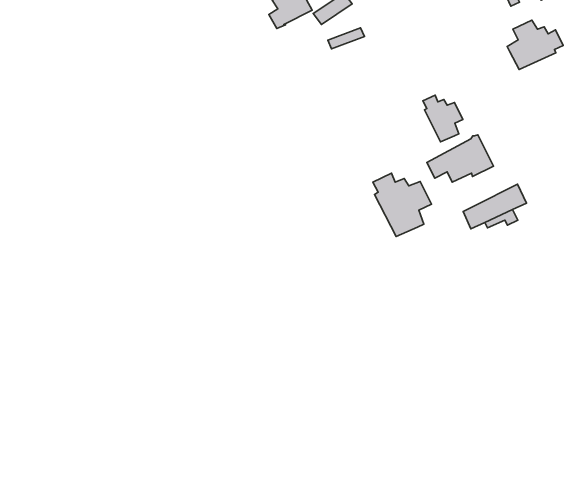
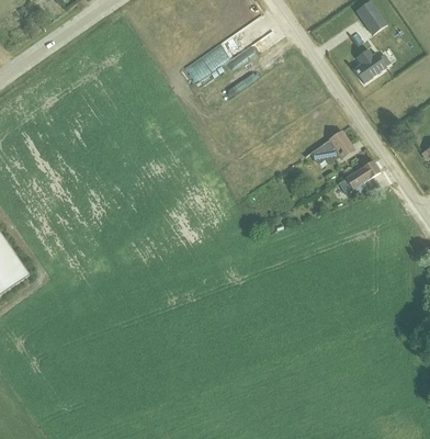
building: [423,95,463,142] -> none
building: [373,173,431,237] -> none

